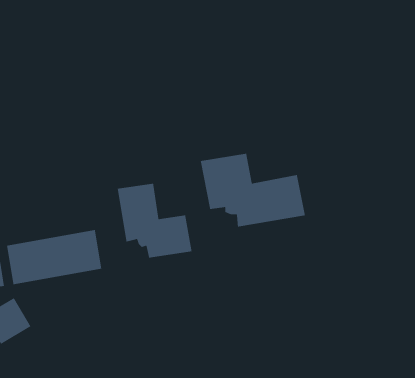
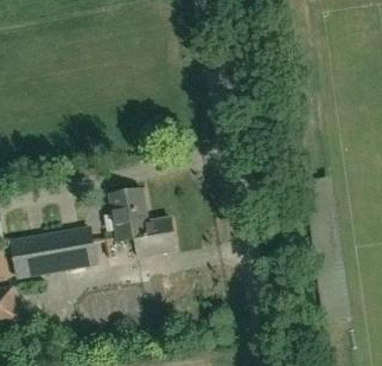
building: [200,153,306,227] -> none

